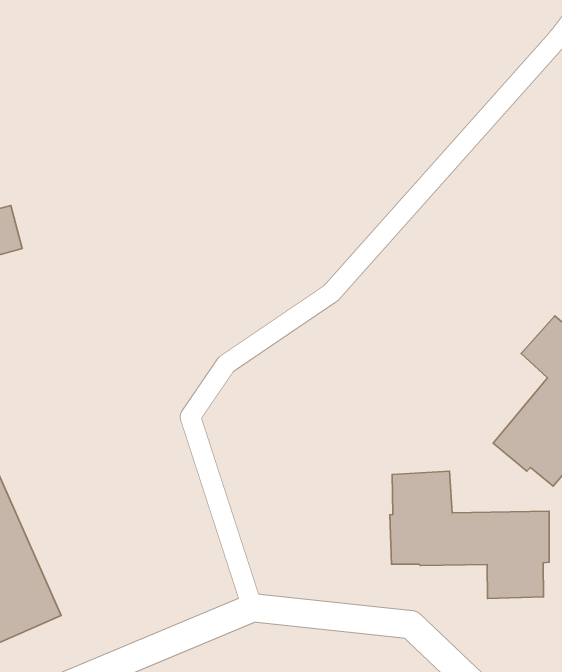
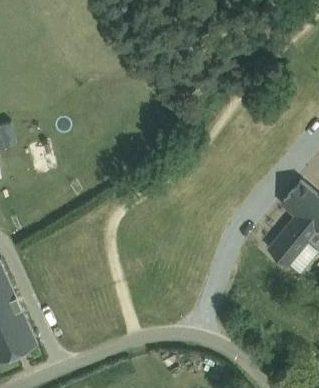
building: [390,471,549,598] -> none

